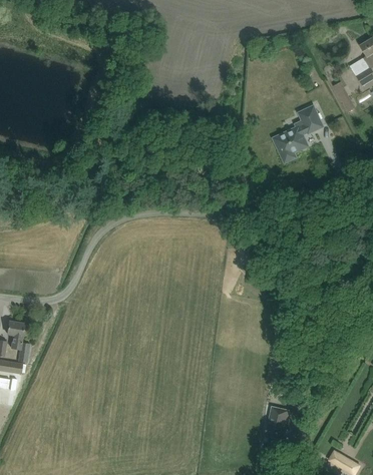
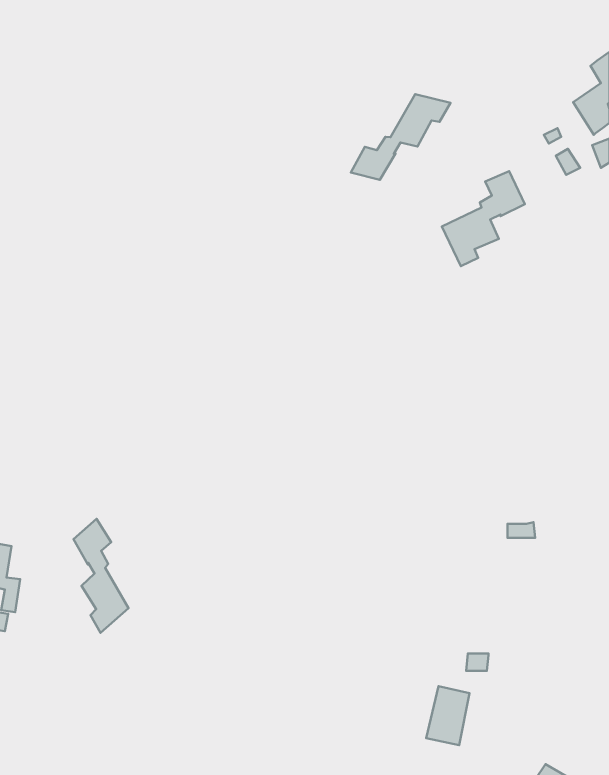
building: none -> [351,94,451,180]
building: none -> [74,519,129,633]

